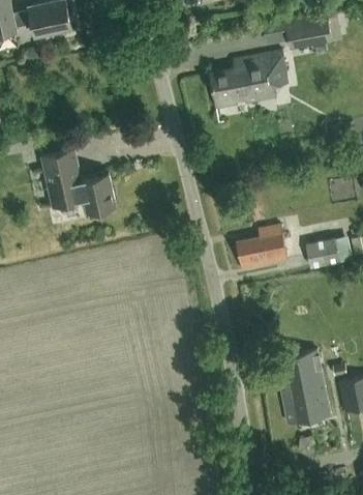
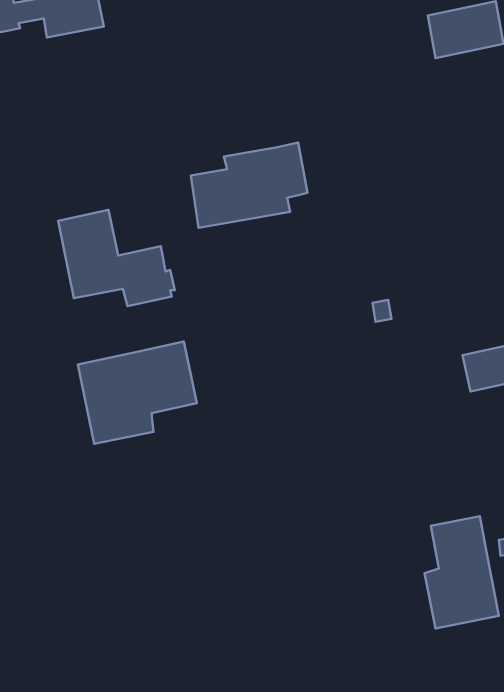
building: [211,52,288,108] -> [191,142,308,228]
building: [237,225,288,268] -> none
building: none -> [78,342,197,444]

